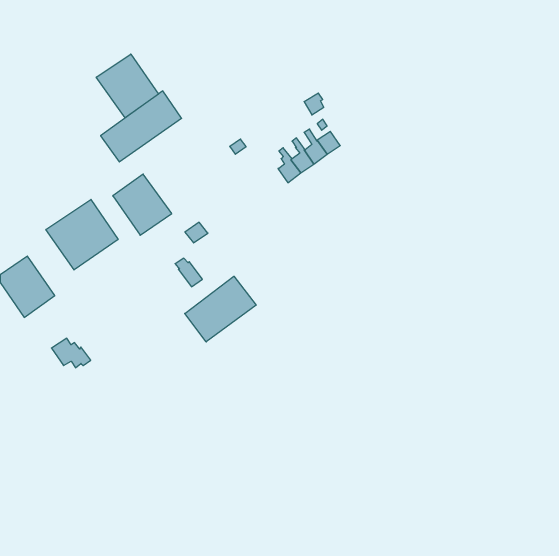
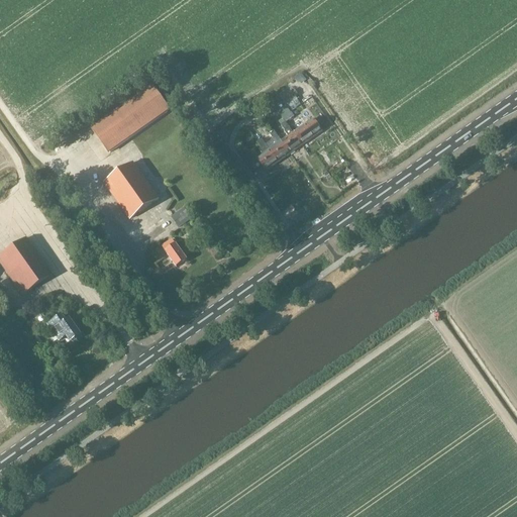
building: [96,54,159,118] -> none
building: [46,199,118,270] -> none
building: [185,276,256,342] -> none

